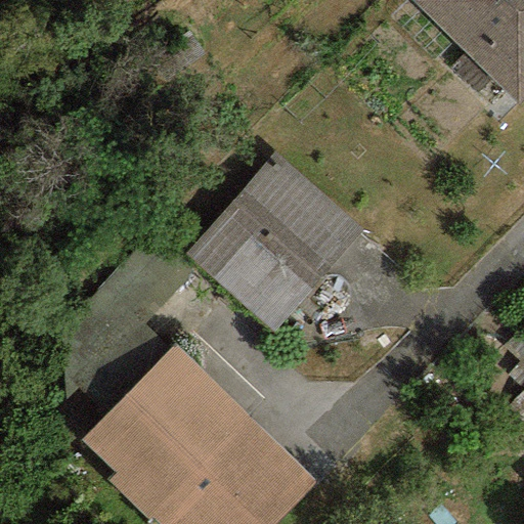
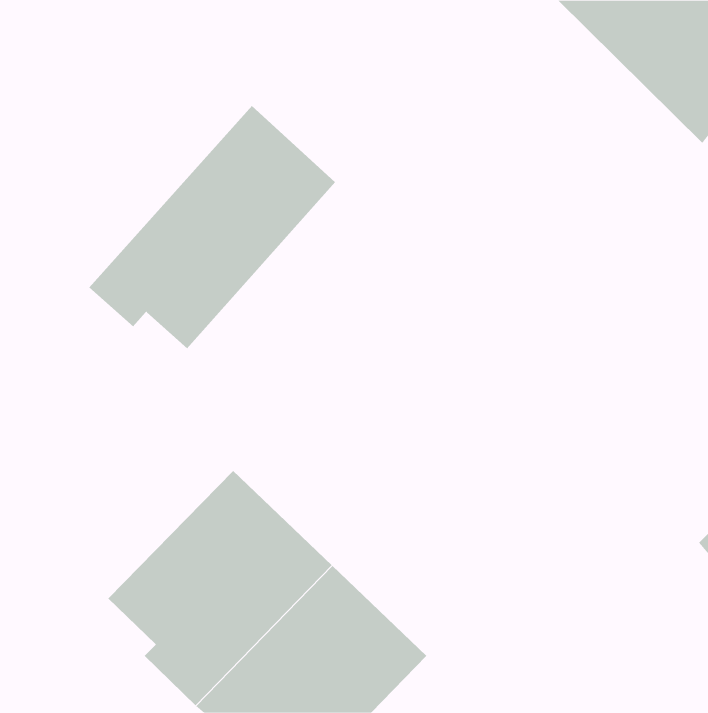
building: none -> [89,105,336,349]
building: [186,152,366,334] -> none

